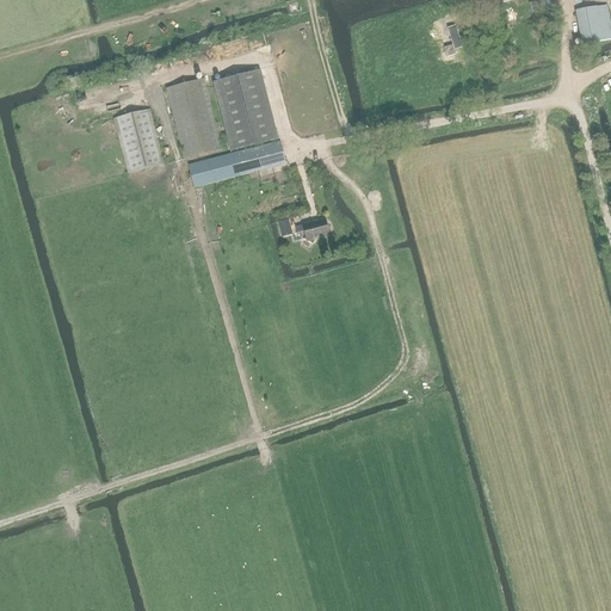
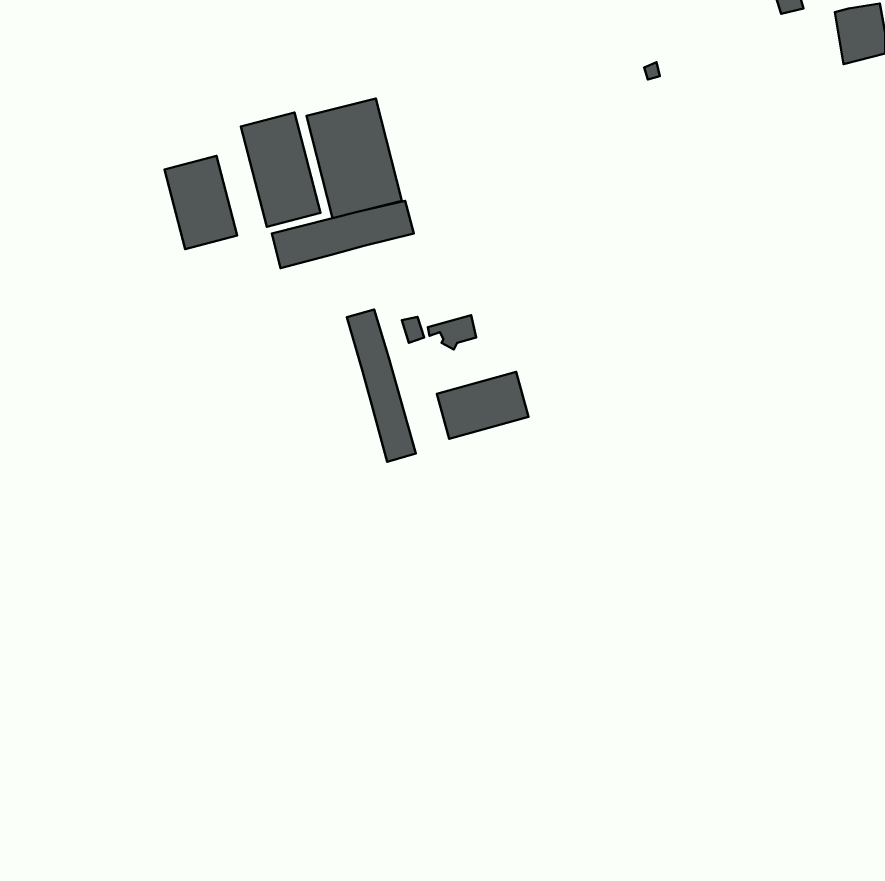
building: none -> [347,310,416,462]
building: none -> [437,372,529,439]

